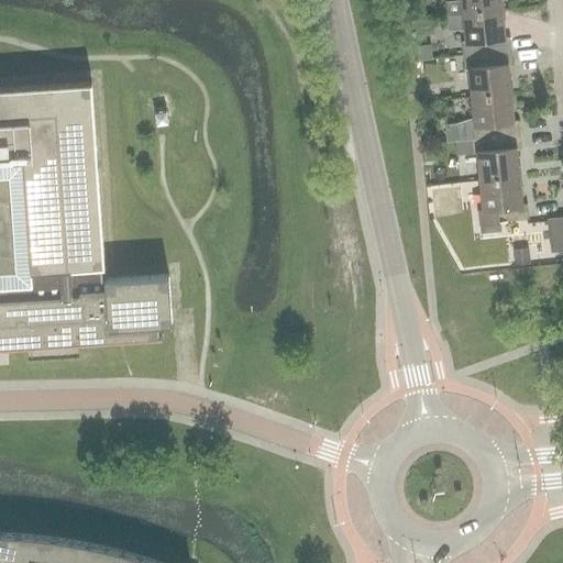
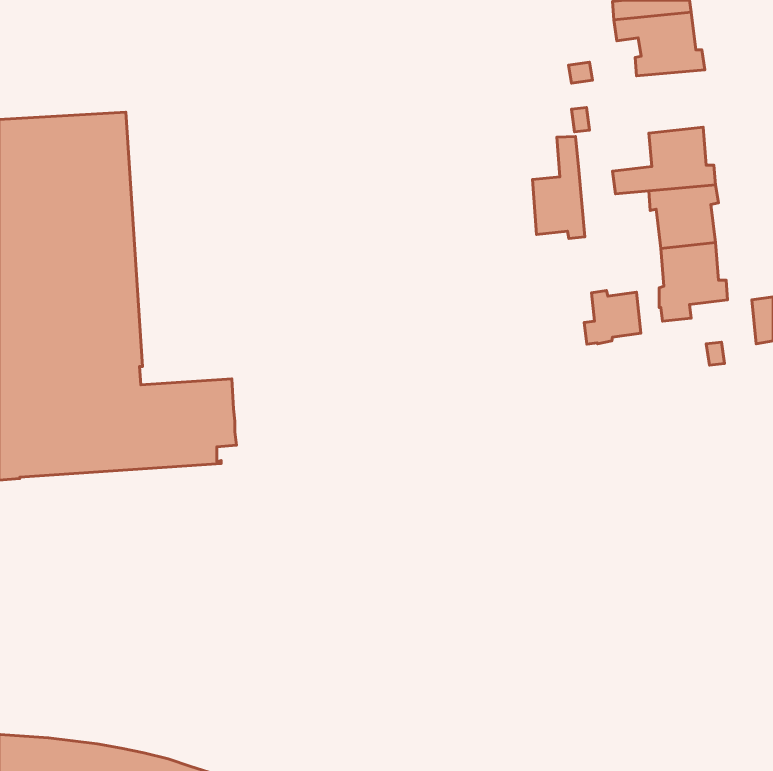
building: [462,53,512,99] -> none
building: none -> [532,137,585,239]
building: none -> [584,291,641,344]

